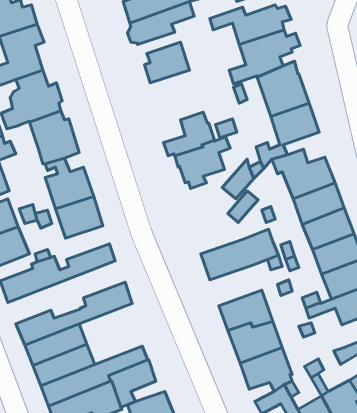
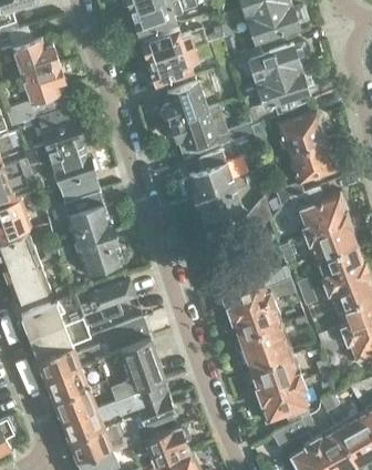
building: none -> [168,110,228,160]
building: none -> [227,302,278,341]
building: none -> [29,304,122,359]
building: none -> [99,339,165,399]

